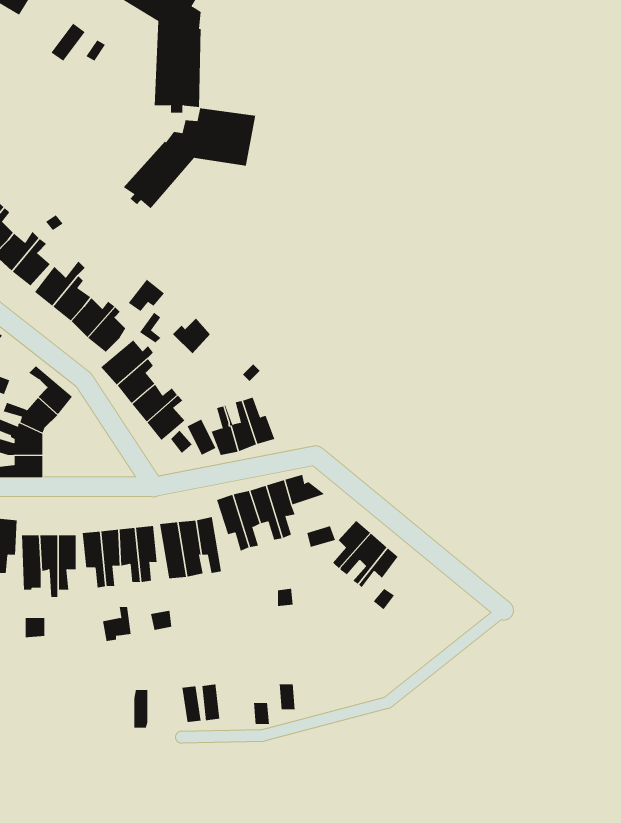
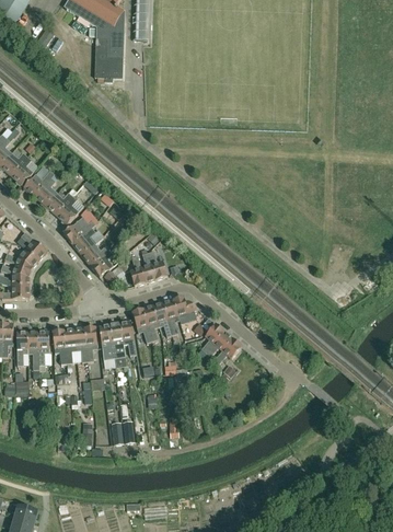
building: [123,108,256,209] -> none

